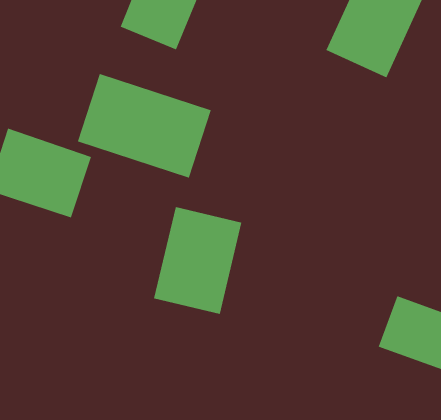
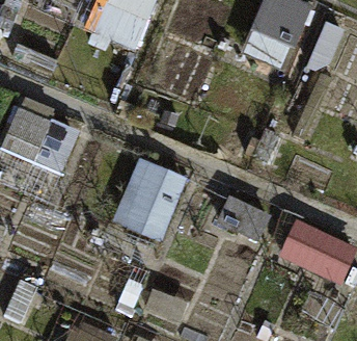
building: [77,73,212,179] -> none

